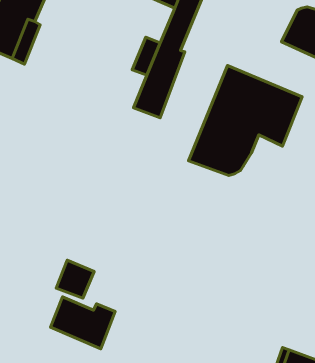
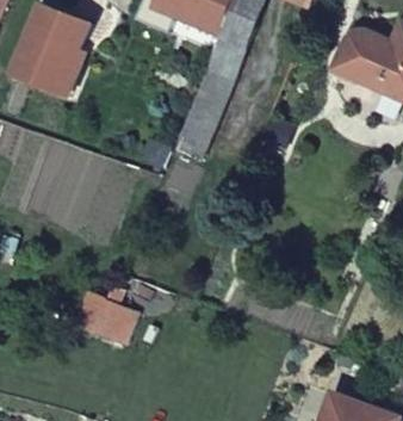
building: [189,65,302,176] -> none
building: [50,297,115,349] -> none

